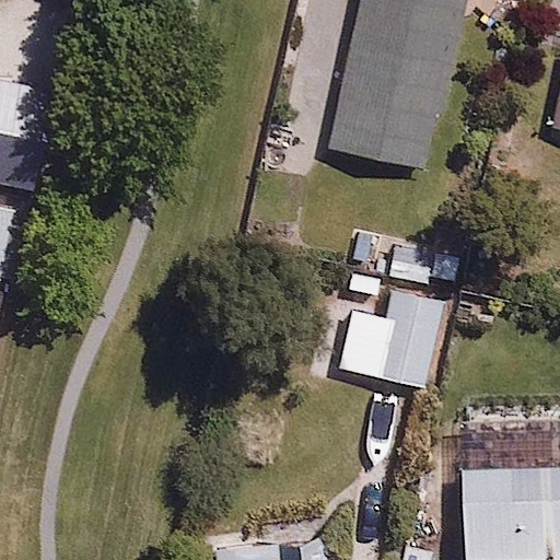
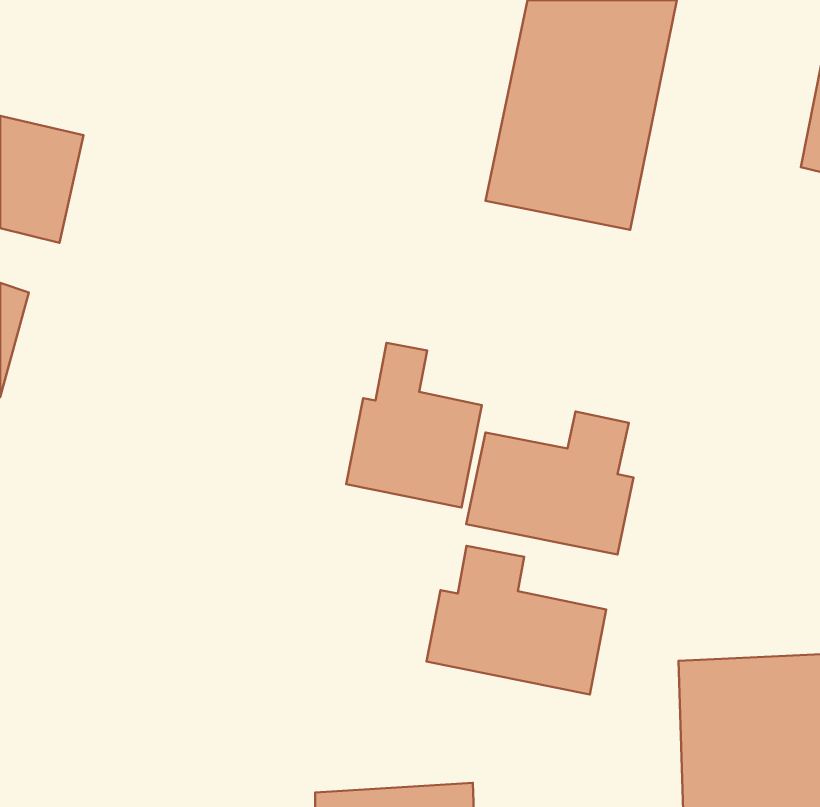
building: none -> [346,343,482,508]
building: none -> [426,546,606,695]

